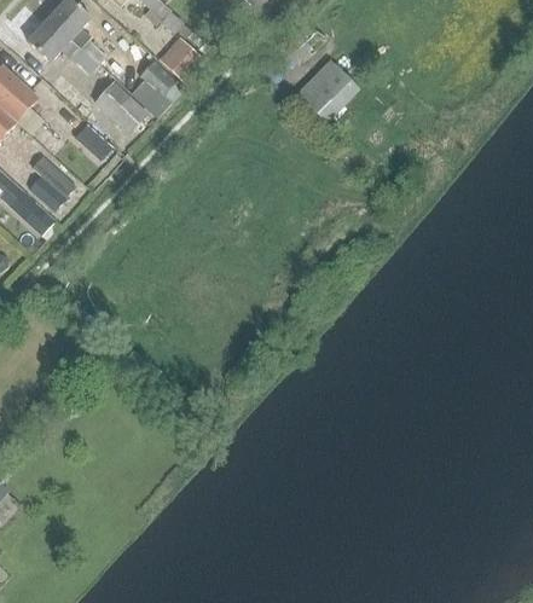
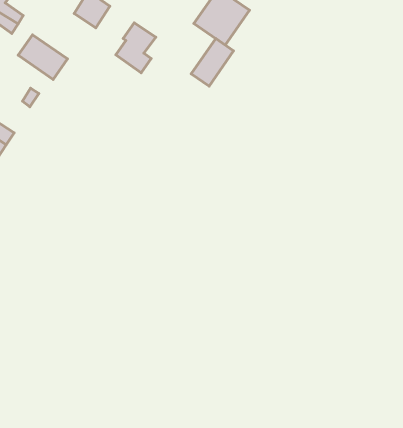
building: [128,60,175,117] -> [116,23,156,73]
building: none -> [191,39,234,86]

